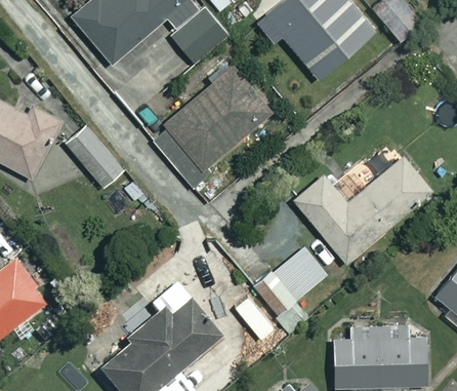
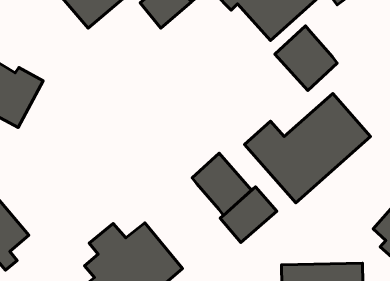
building: [164,61,271,171] -> none
building: none -> [275,26,337,91]
building: [66,126,124,188] -> none
building: none -> [192,153,251,215]

